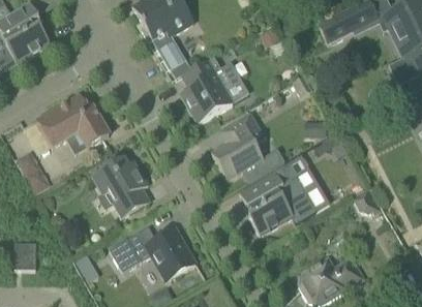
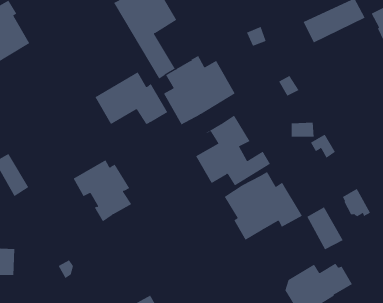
building: [36,94,108,146] -> [95,72,168,125]
building: none -> [306,206,343,250]
building: [107,225,194,280] -> none

